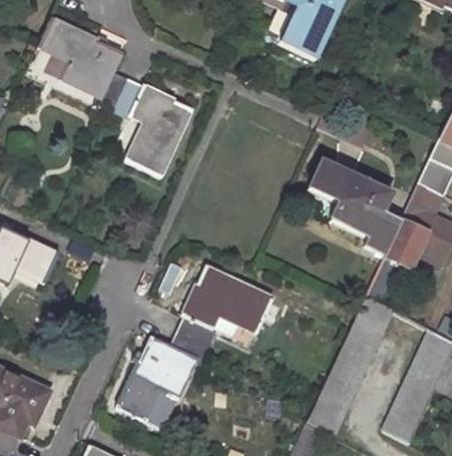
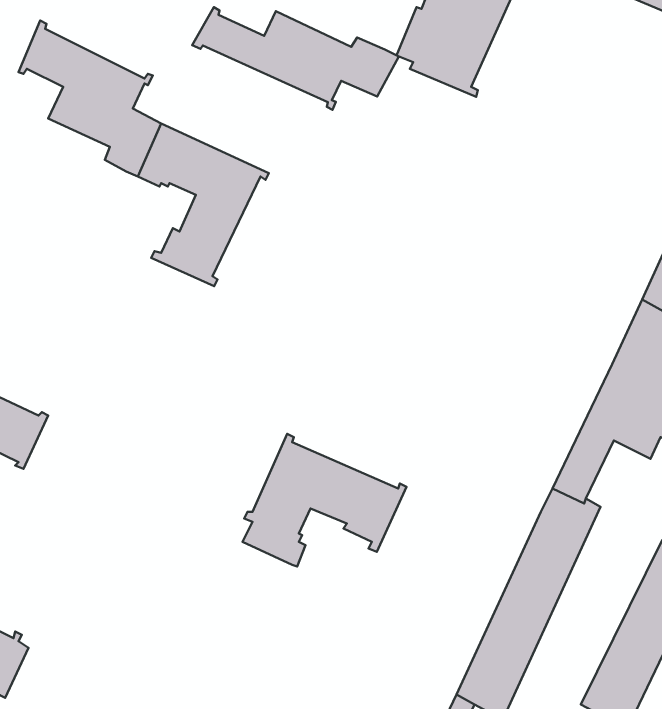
building: none -> [192,7,399,110]
building: [307,158,401,253] -> none
building: [115,329,210,422] -> none

